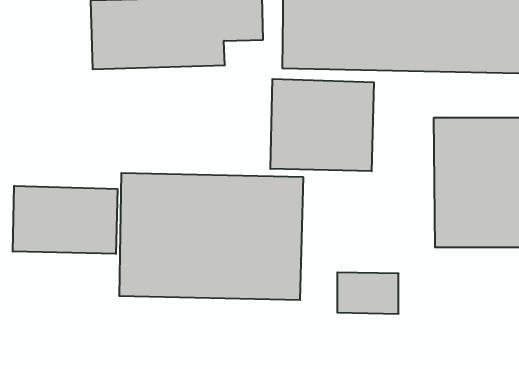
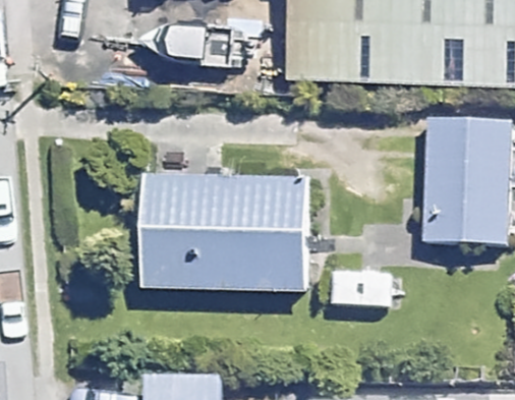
building: [270,79,374,171] -> none
building: [13,186,117,254] -> none

